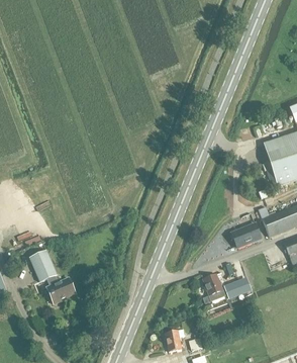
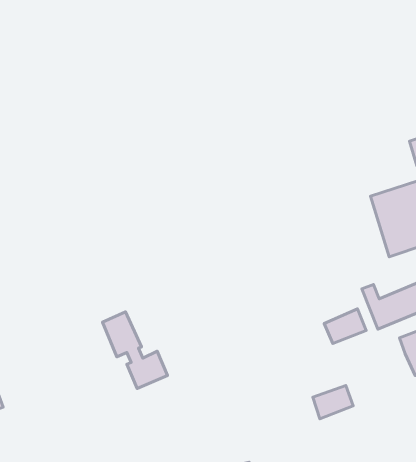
building: [30,250,76,303] -> [102,312,167,389]
building: [202,272,225,302] -> none

